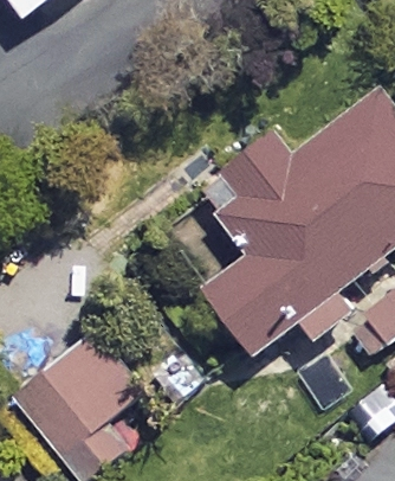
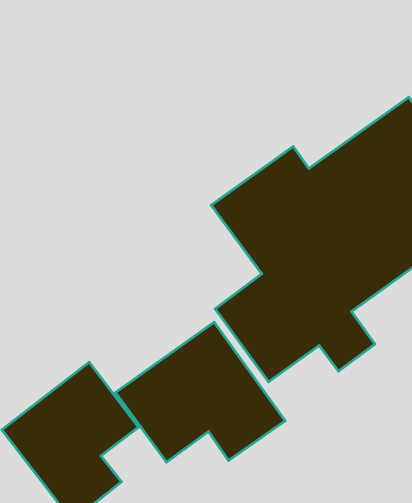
building: none -> [116,322,285,462]

